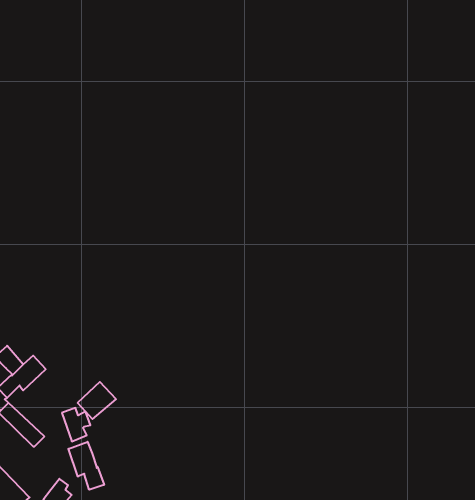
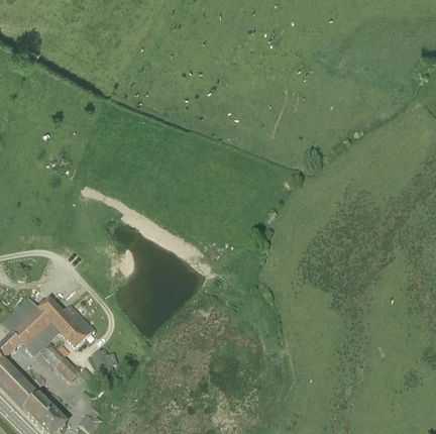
building: [78,382,116,419] -> [61,318,92,348]
building: [68,442,104,490] -> none

